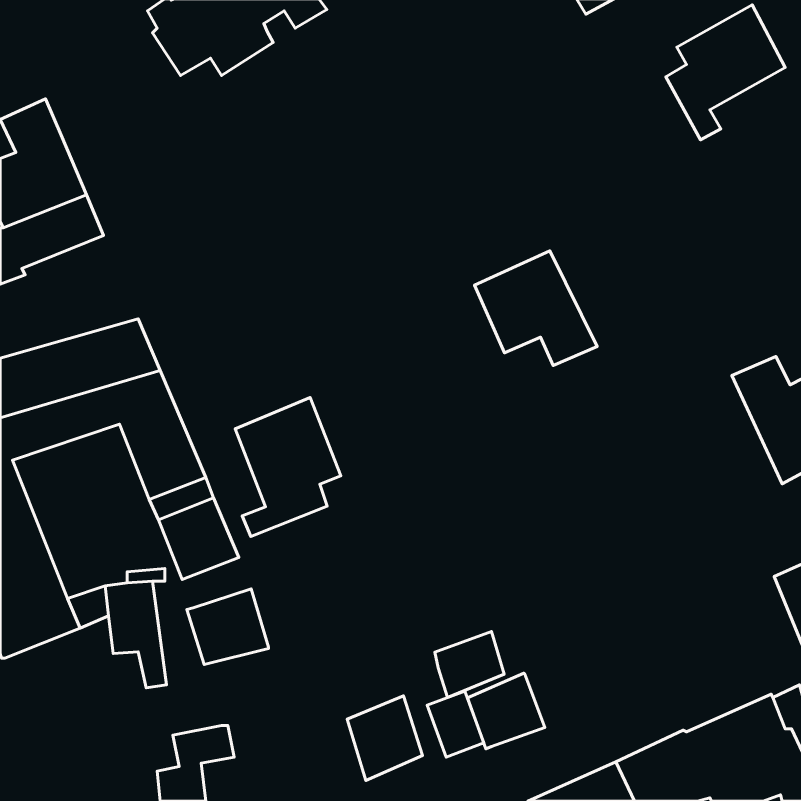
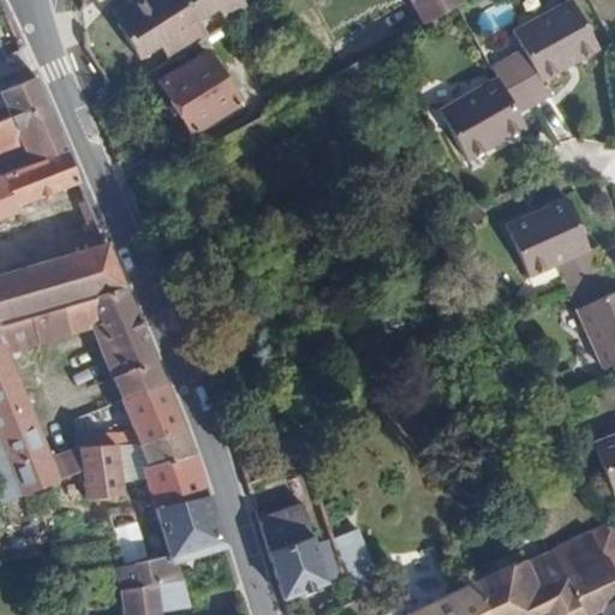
building: none -> [162,52,238,131]
building: none -> [443,59,537,159]
building: [475,251,597,365] -> [501,199,595,287]
building: [235,397,341,537] -> none
building: none -> [141,426,193,465]
building: [435,632,504,698] -> [257,500,310,550]
building: none -> [157,496,221,555]
building: [467,673,545,749] -> none

